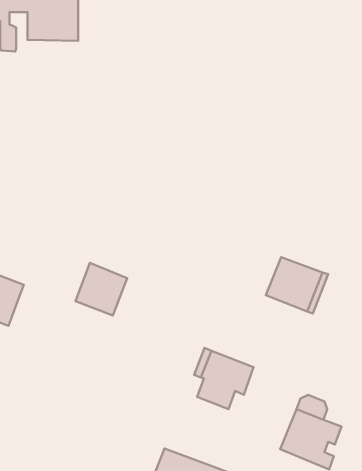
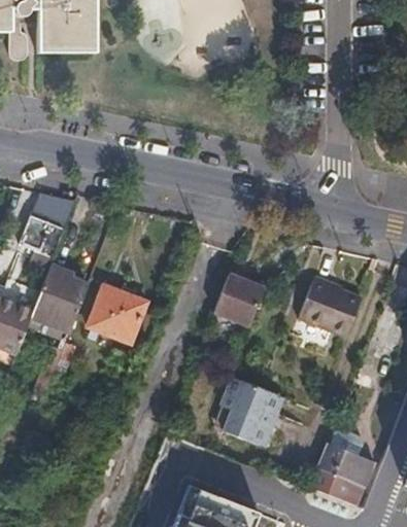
building: none -> [20,192,74,258]
building: none -> [31,264,90,332]
building: none -> [212,277,262,329]

